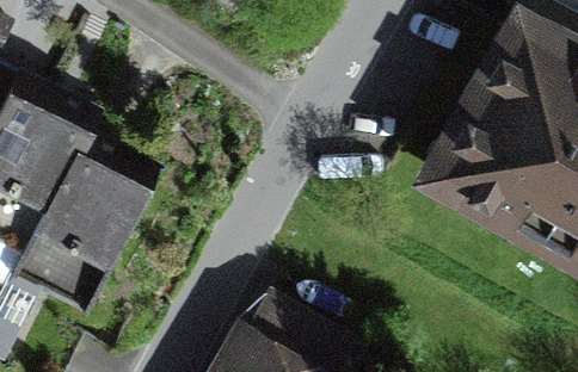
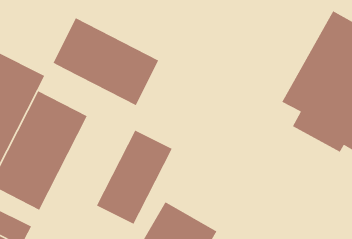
building: none -> [52,17,159,106]
building: none -> [96,129,173,225]

